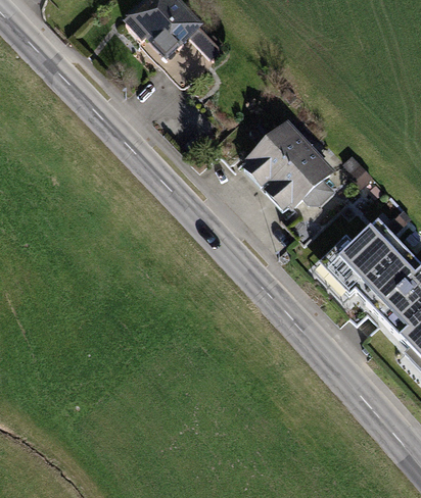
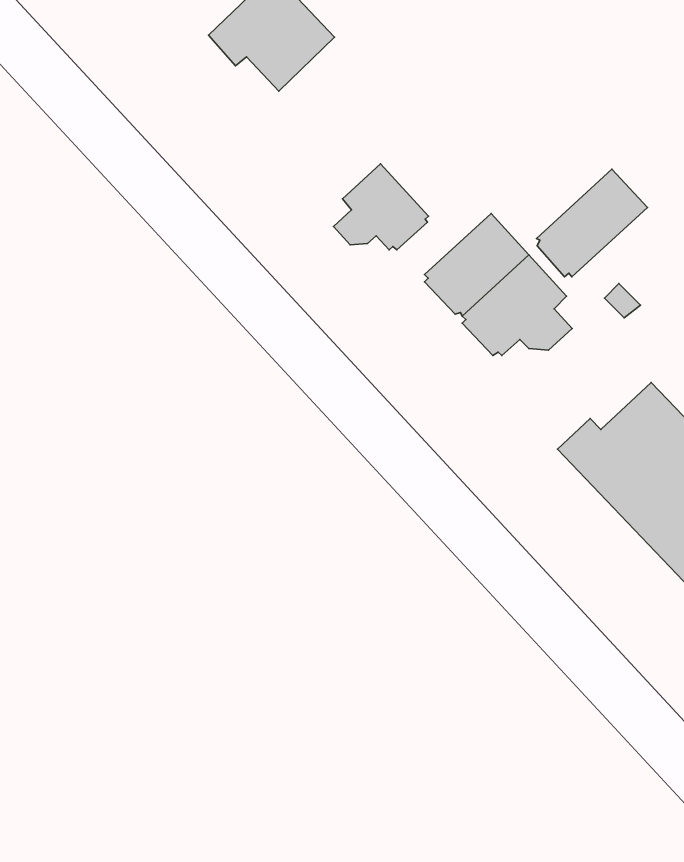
building: none -> [333,164,429,250]
building: none -> [537,169,647,277]

